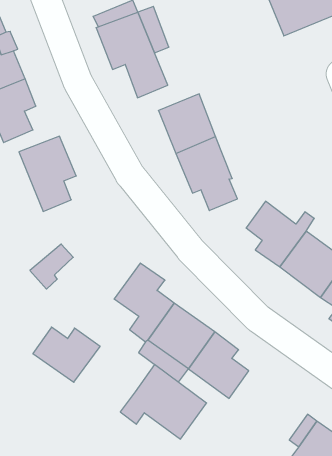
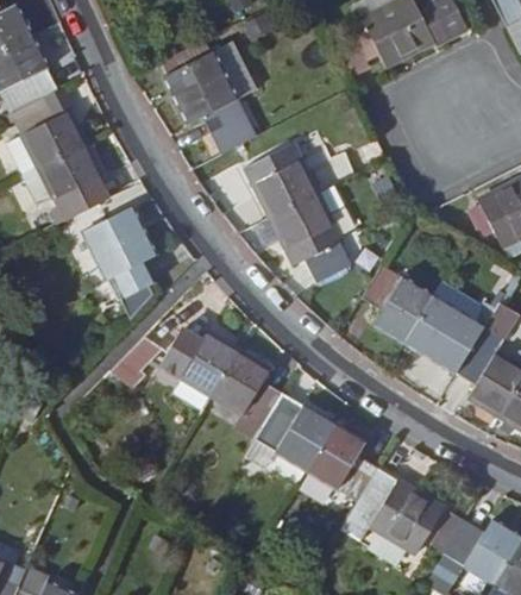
building: [33,327,100,382] -> [162,331,240,395]
building: [120,364,207,439] -> [344,466,445,552]

